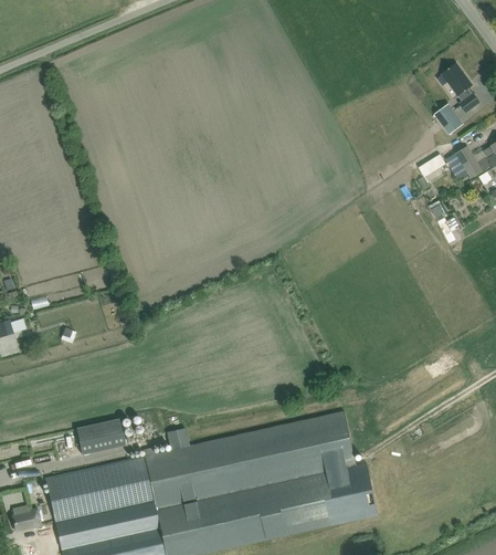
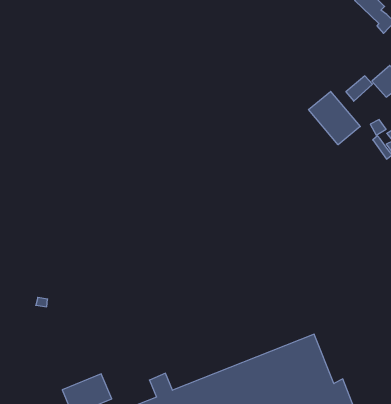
building: [433,104,463,135] -> none
building: none -> [309,91,360,145]

